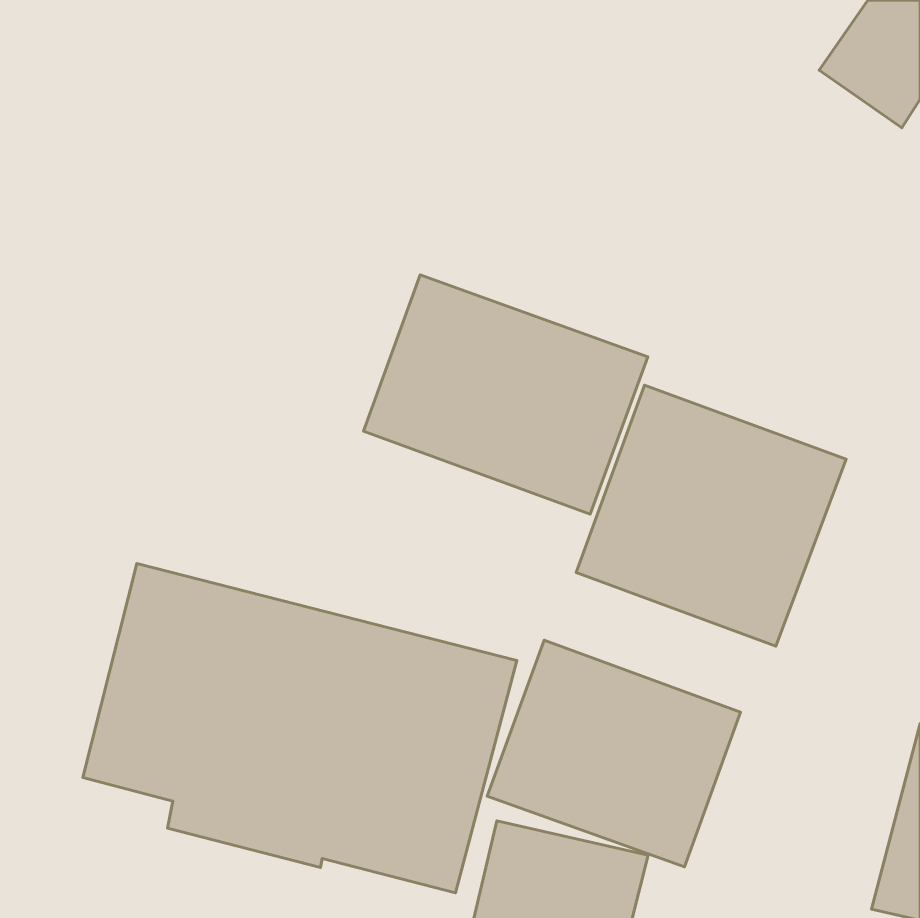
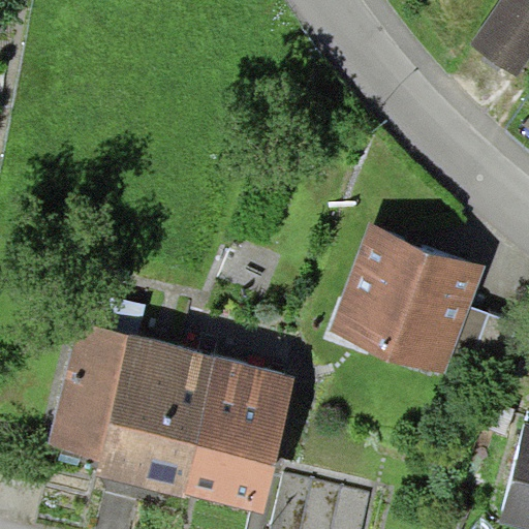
building: [364,275,648,514] -> none
building: [487,640,741,867] -> none

